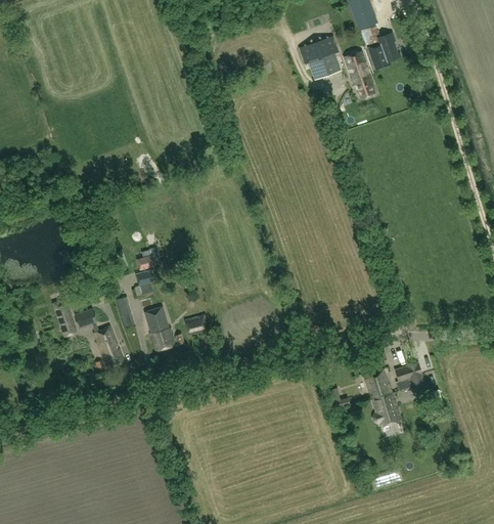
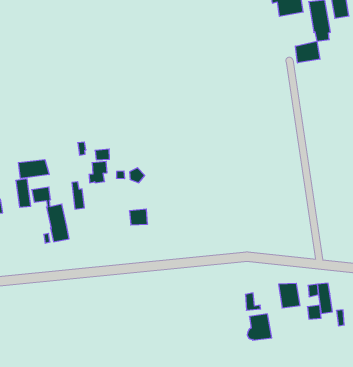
building: none -> [295,41,320,63]
building: none -> [18,160,49,178]
building: [146,308,184,351] -> none
building: [372,393,401,425] -> [247,314,272,340]

